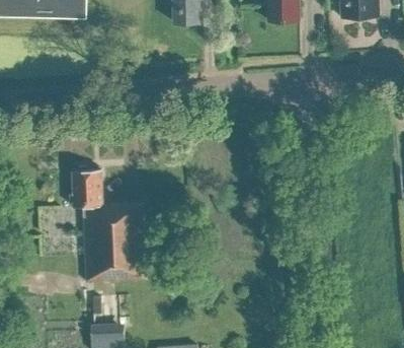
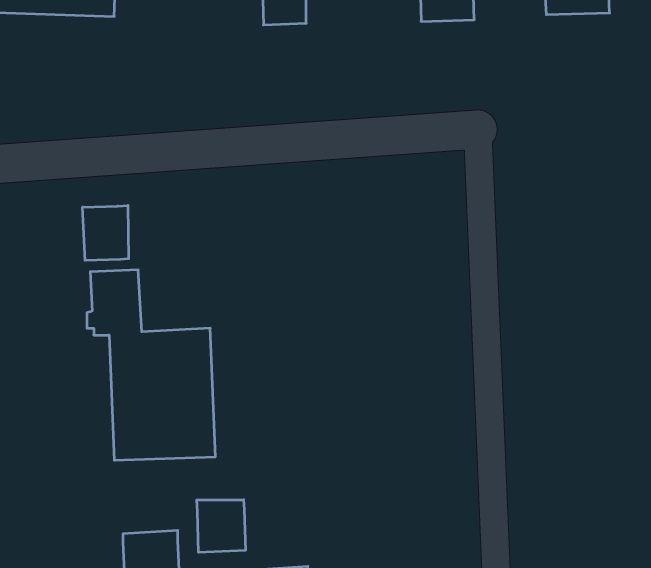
building: none -> [83,205,129,260]
building: none -> [197,500,245,552]

